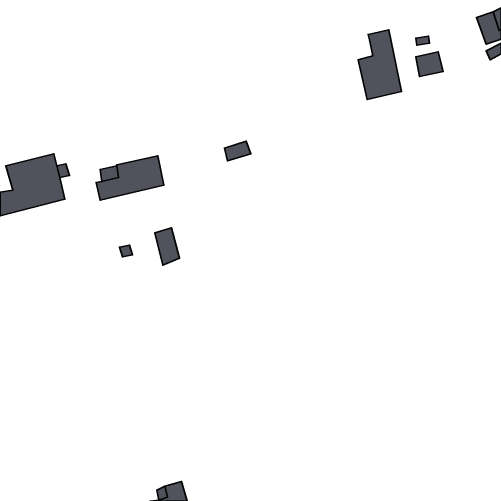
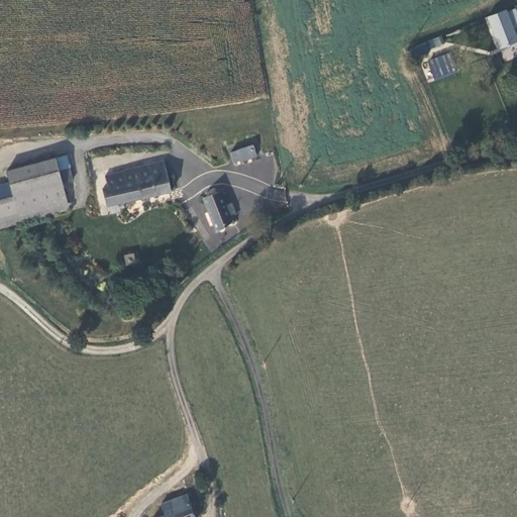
building: [358,30,402,99] -> none
building: [155,228,179,265] -> [205,189,230,227]

